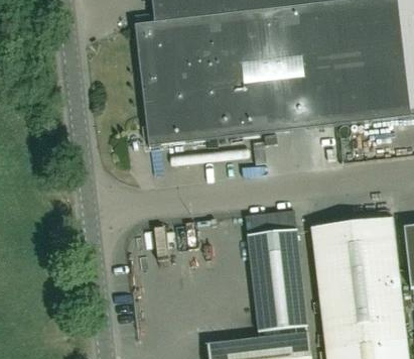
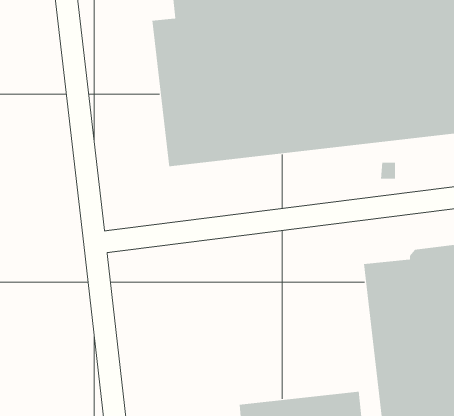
building: [248,229,307,331] -> none

